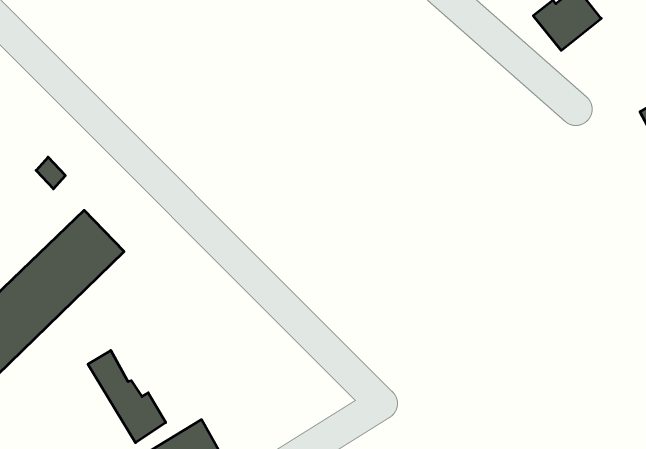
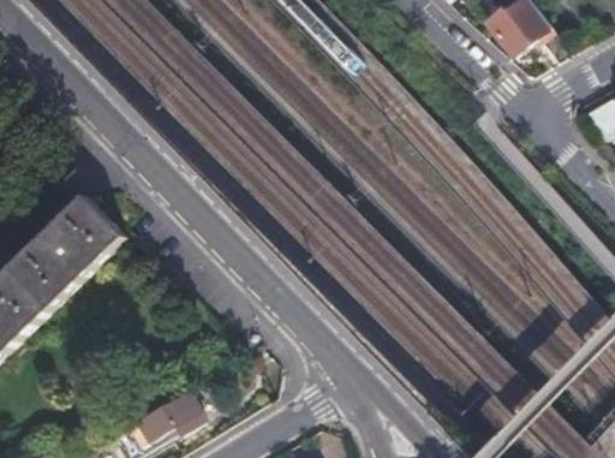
building: [88,350,166,443] -> none

